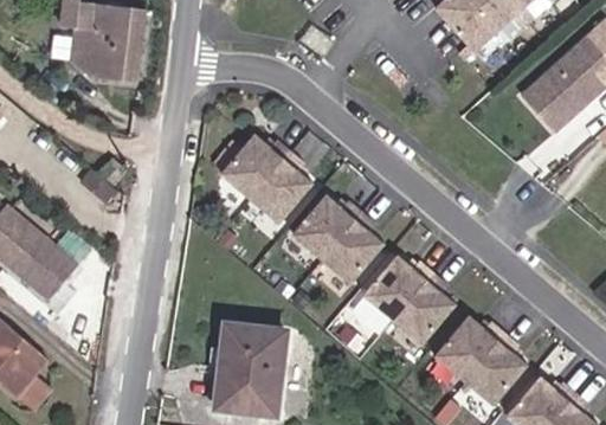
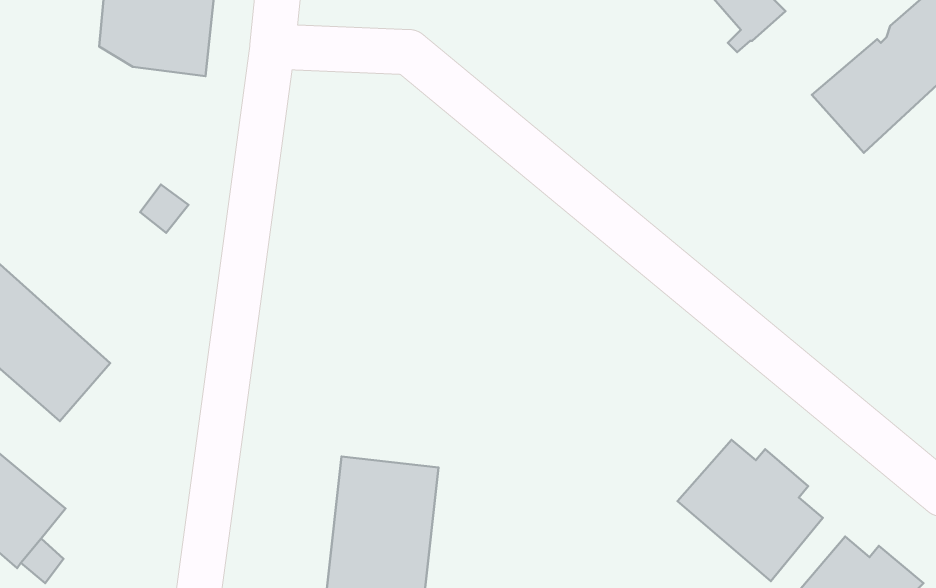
building: [219,131,311,220] -> none
building: [291,192,383,282] -> none
building: [363,253,454,343] -> none

